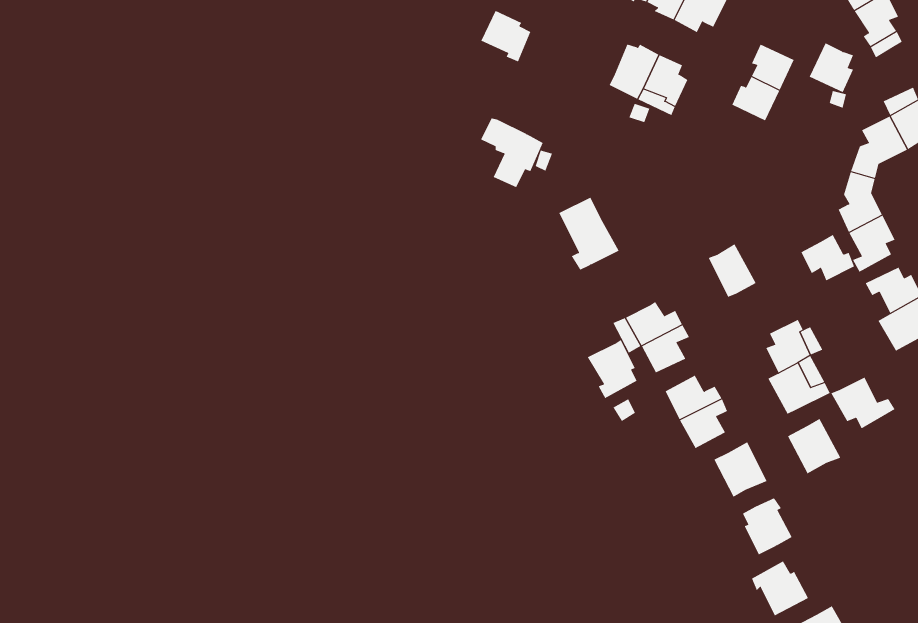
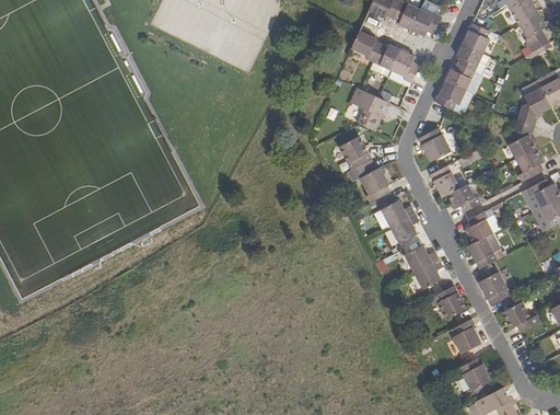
building: [481,10,531,62] -> [350,30,381,61]
building: [809,43,854,93] -> [462,22,489,53]
building: none -> [434,80,465,108]
building: [480,118,543,188] -> [349,87,387,129]
building: none -> [418,127,451,161]
building: [801,234,855,281] -> [447,184,480,212]
building: [587,339,637,399] -> [359,166,389,203]
building: [830,377,895,429] -> [501,301,540,333]

